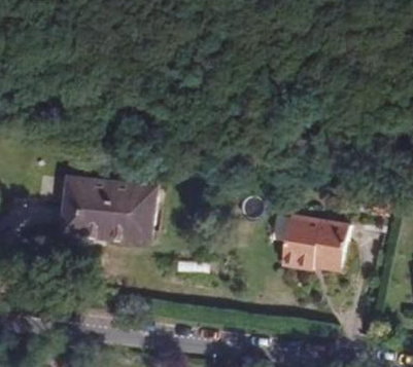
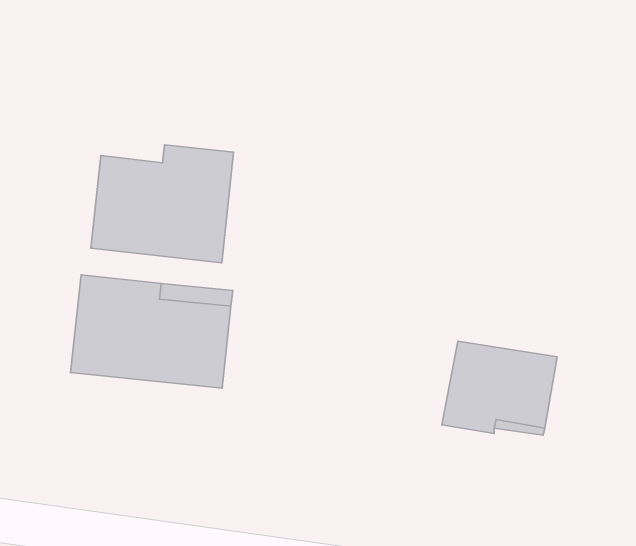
building: none -> [91,145,234,263]

